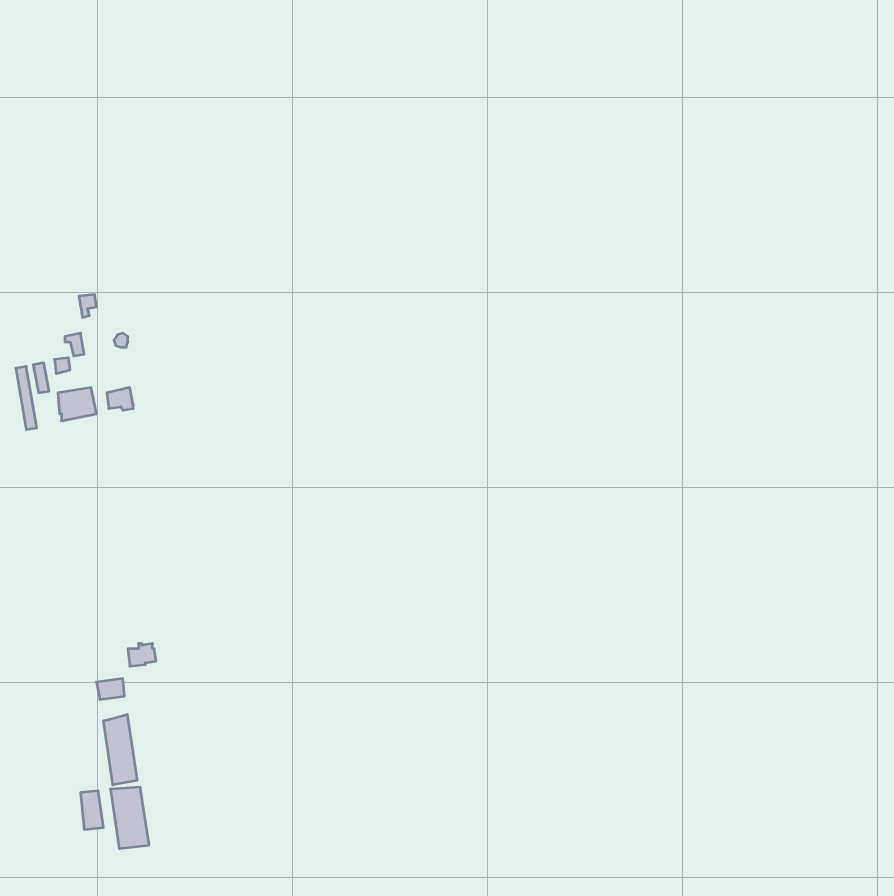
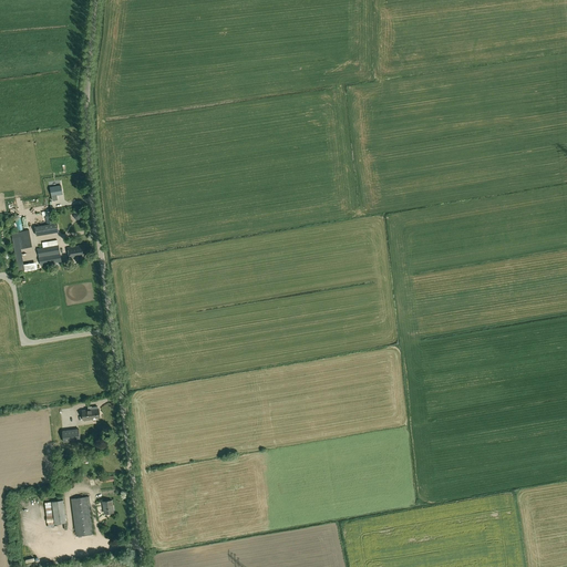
building: [104,714,137,785] -> none

